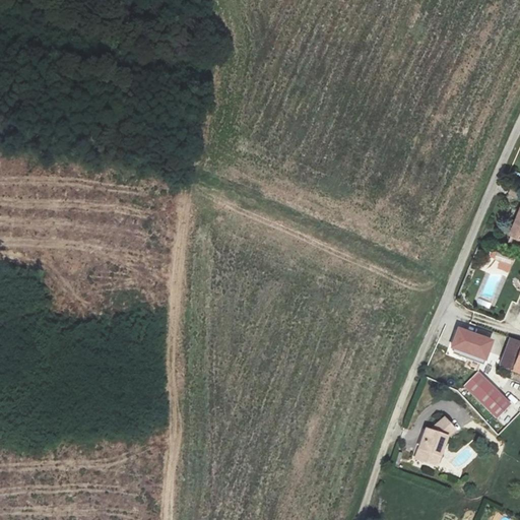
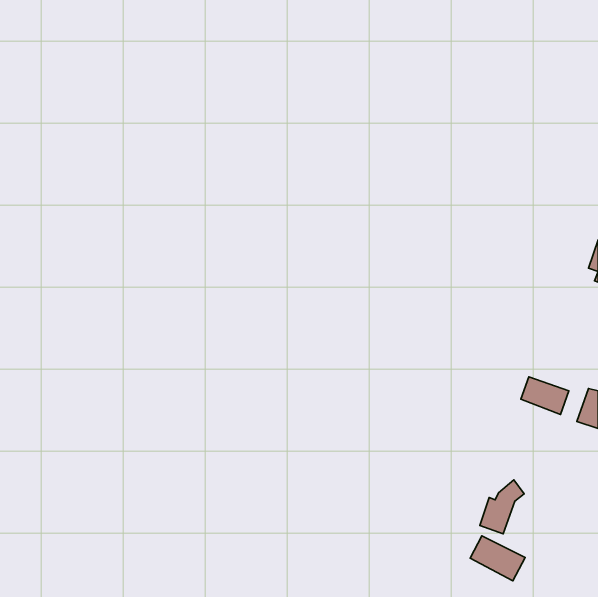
building: [464,371,510,416] -> none
building: none -> [470,536,525,581]

